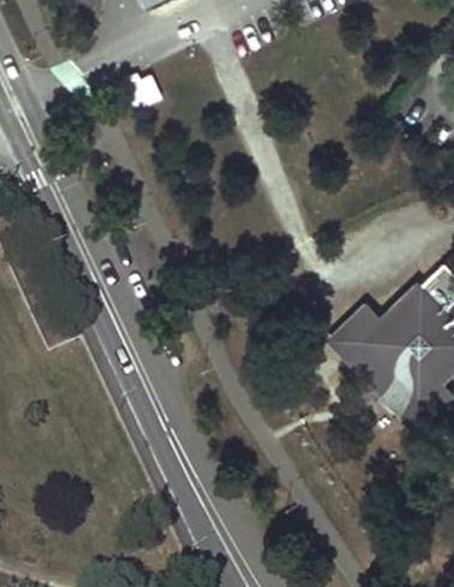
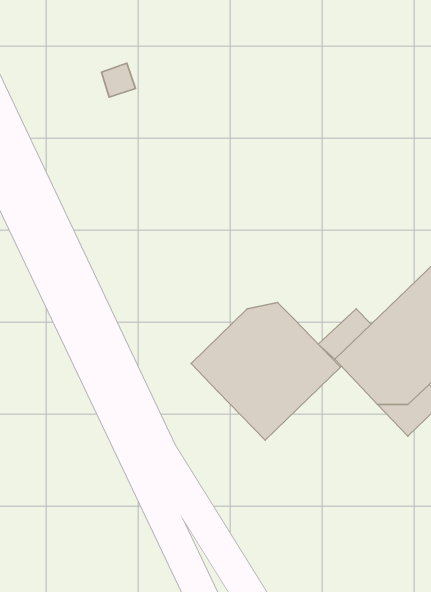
building: none -> [191,303,341,440]

